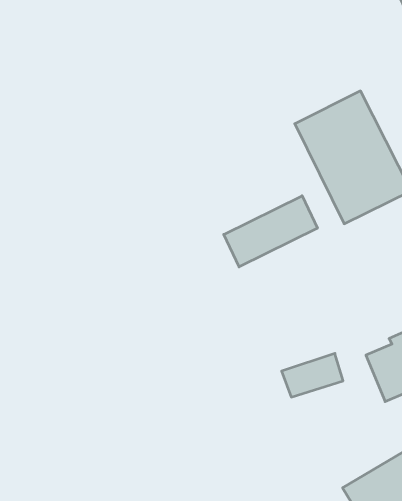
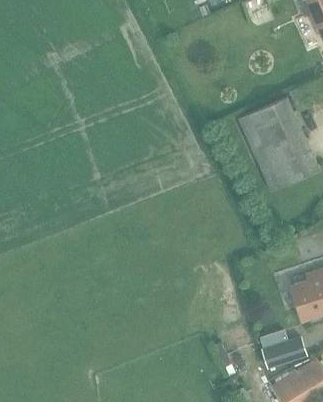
building: [224,196,317,267] -> none
building: [282,353,343,397] -> [260,336,305,368]

